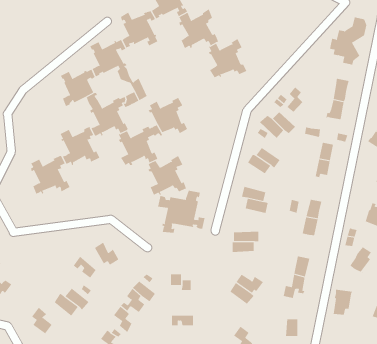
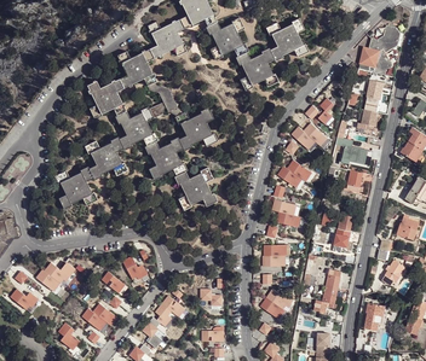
building: none -> [267,18,307,59]
building: [158,190,205,234] -> none
building: none -> [35,262,75,291]

